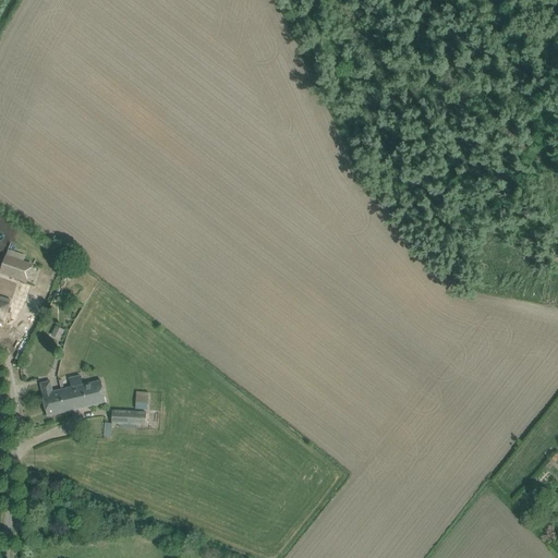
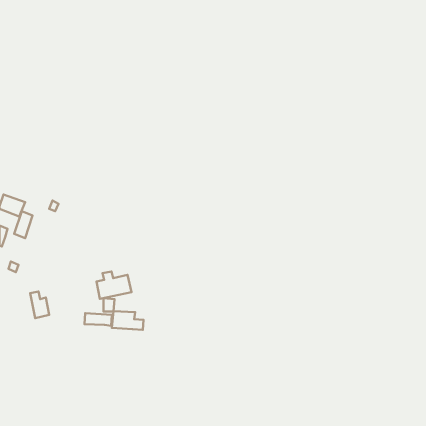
building: [60,375,106,411] -> [97,271,132,299]
building: none -> [112,311,143,330]

